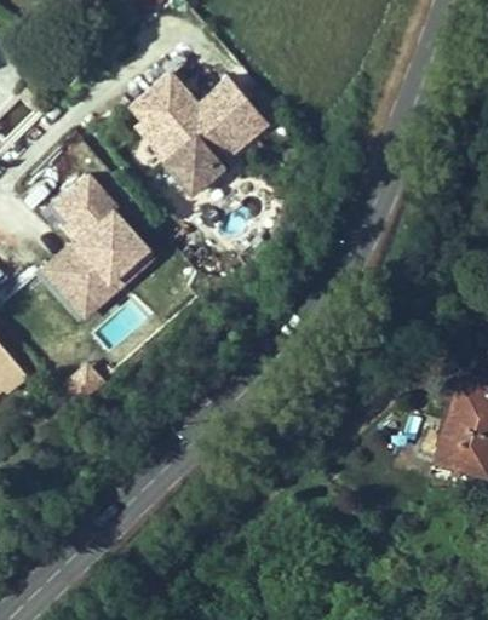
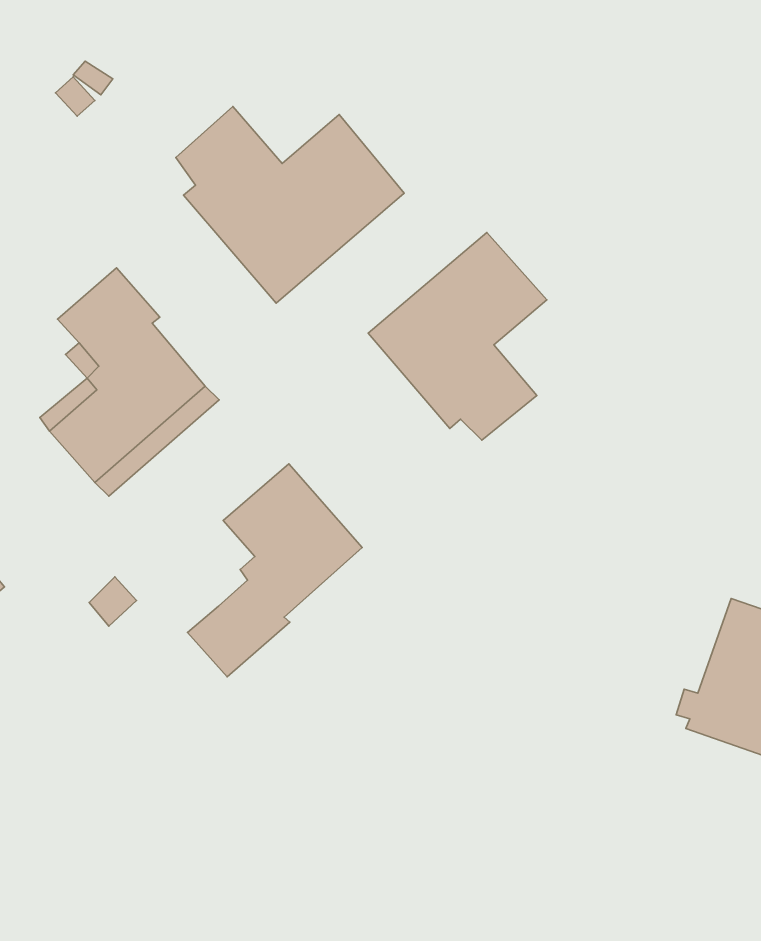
building: none -> [368,233,547,440]
building: none -> [188,464,362,677]

